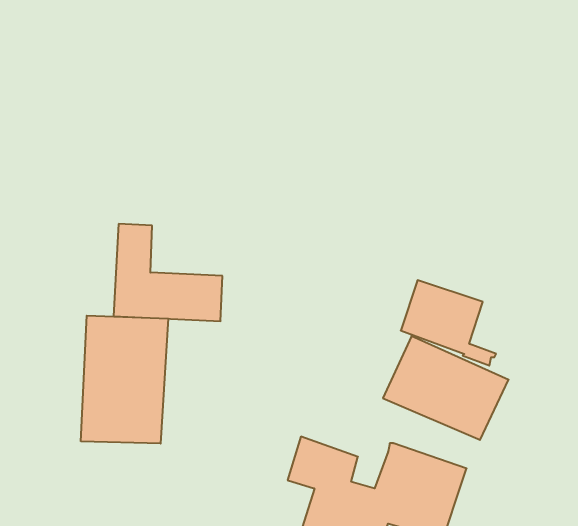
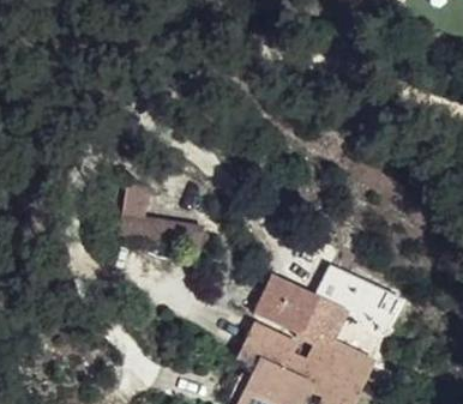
building: [401,280,496,366] -> [251,277,319,338]
building: [81,316,168,444] -> none

